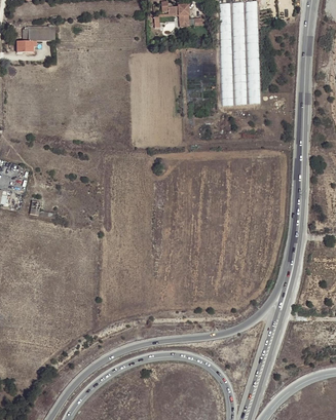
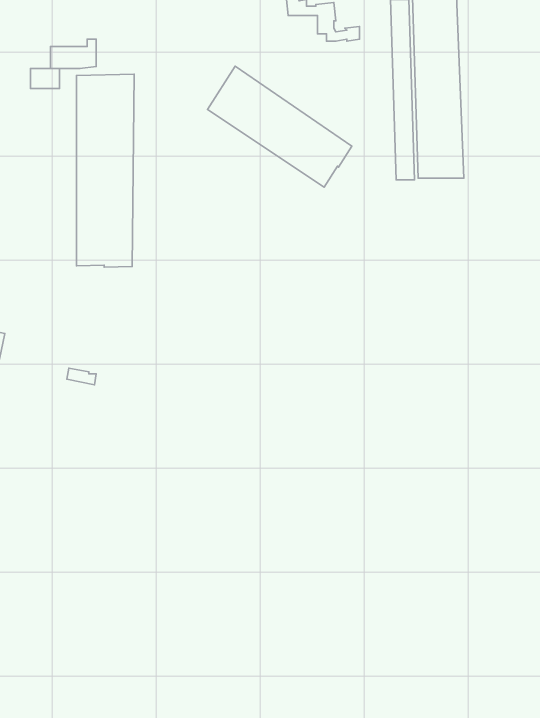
building: none -> [208,66,352,187]
building: none -> [76,74,134,267]

